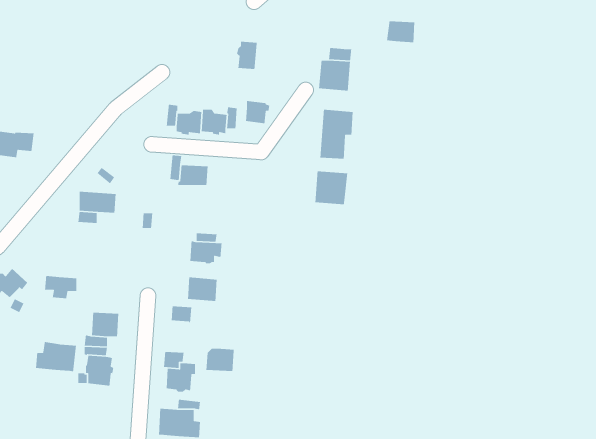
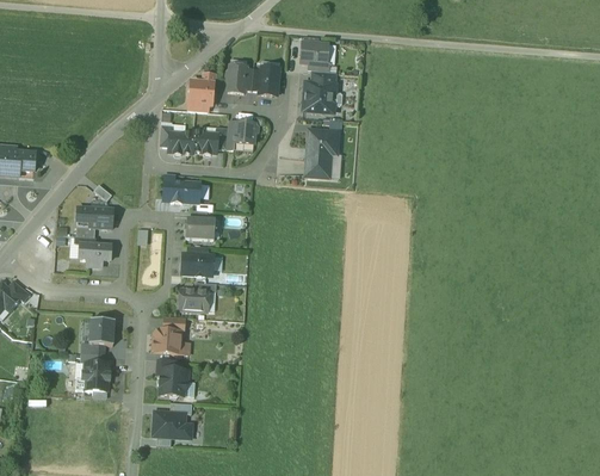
building: [386,21,415,43] -> [301,42,328,63]
building: none -> [259,66,280,95]
building: none -> [188,73,215,105]
building: [314,170,348,205] -> none
building: none -> [186,216,216,240]
building: [44,275,77,299] -> [80,243,111,266]
building: [35,341,77,372] -> none
building: [205,348,234,372] -> [154,329,181,352]

